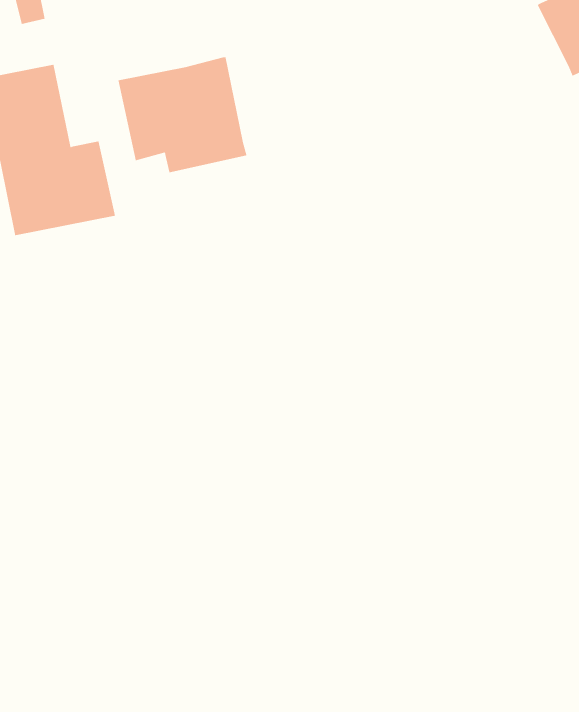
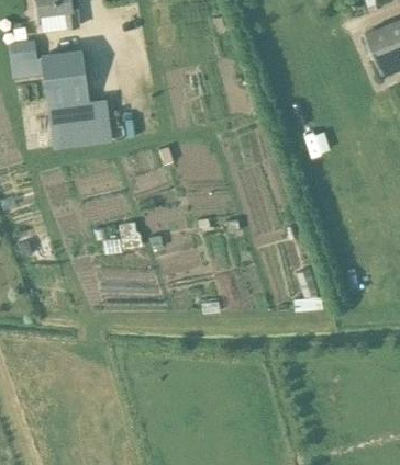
building: [118,56,247,173] -> none

